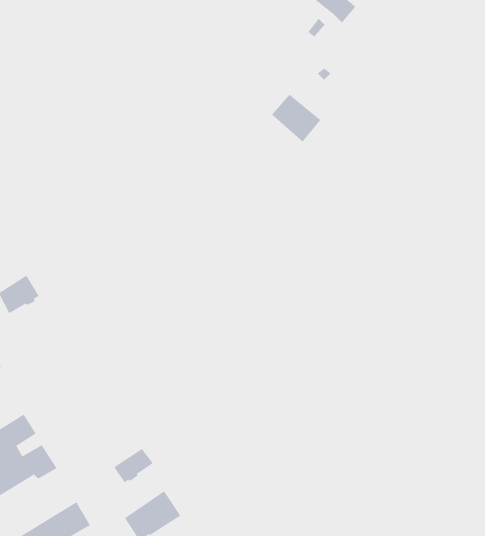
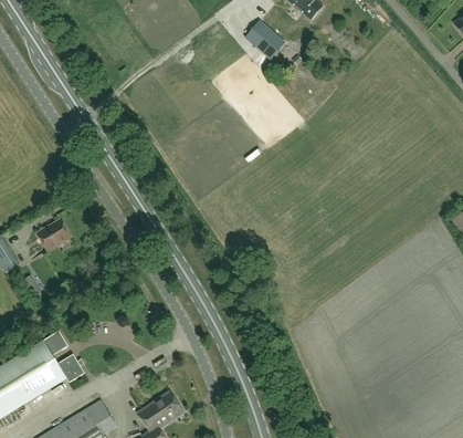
building: [271,94,321,142] -> [245,20,285,59]
building: [113,448,154,483] -> none

